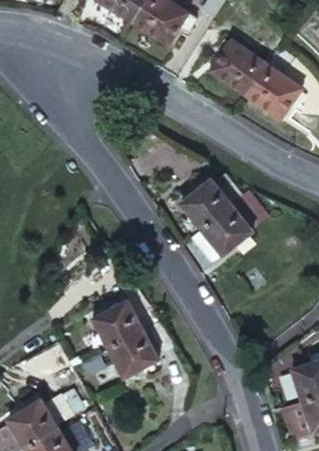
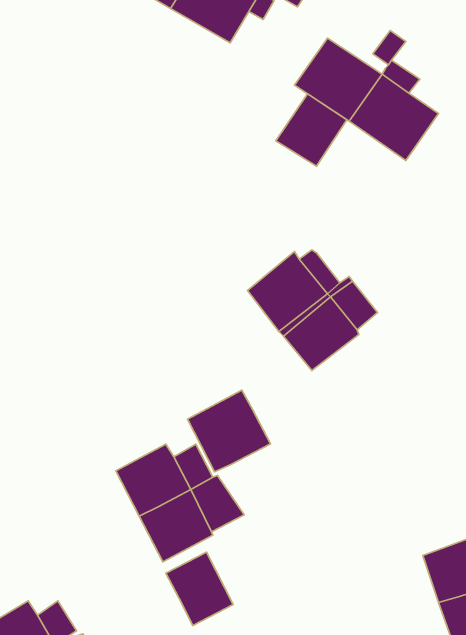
building: none -> [276,94,347,166]
building: none -> [187,390,270,472]
building: none -> [166,552,233,625]

